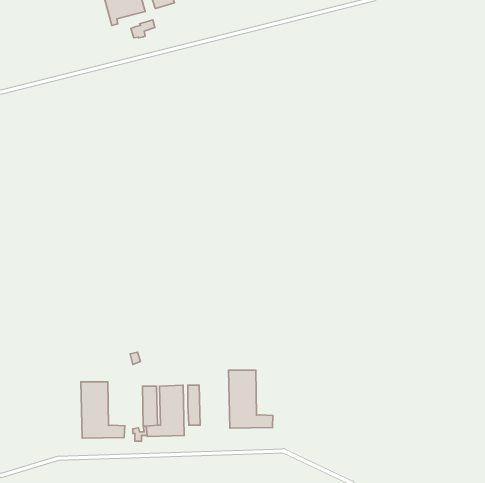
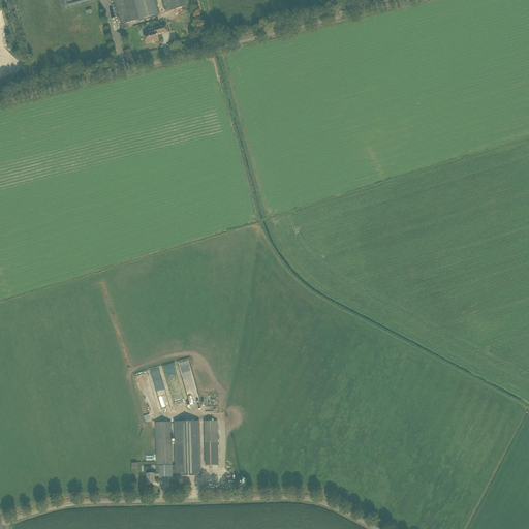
building: [228,370,273,428] -> none
building: [81,382,125,438] -> none

